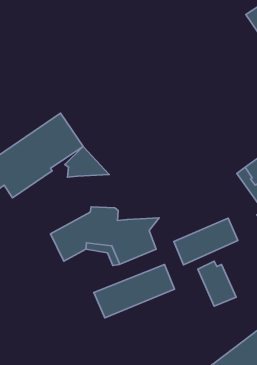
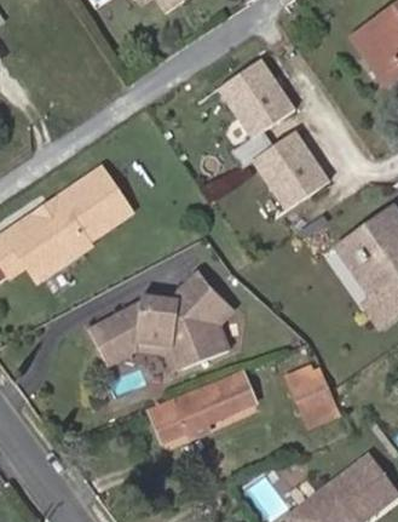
building: none -> [219,57,331,210]
building: [65,146,109,177] -> [175,270,235,311]
building: [174,218,238,265] -> none

